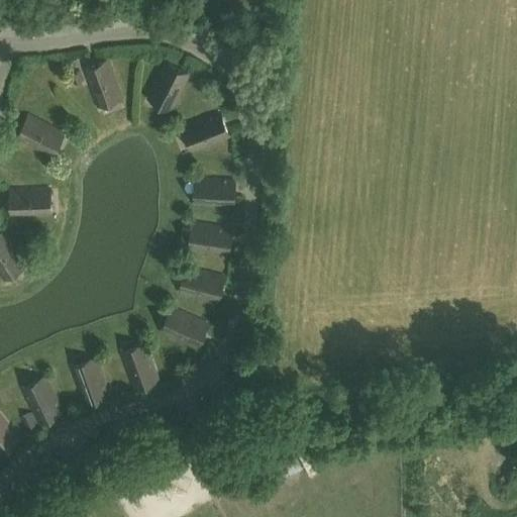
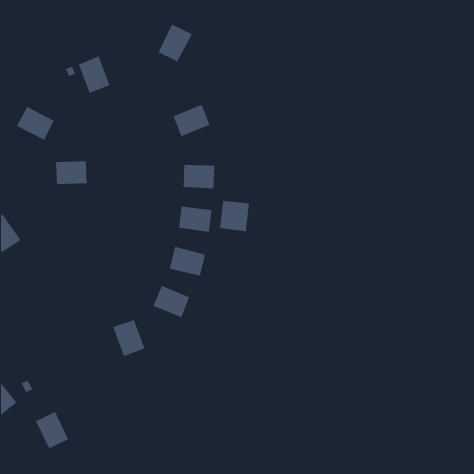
building: [150,64,189,106] -> [158,24,193,63]
building: [11,189,46,215] -> [55,161,88,185]
building: none -> [219,200,250,232]
building: [73,361,109,403] -> none
building: [24,381,62,423] -> [35,411,69,450]

